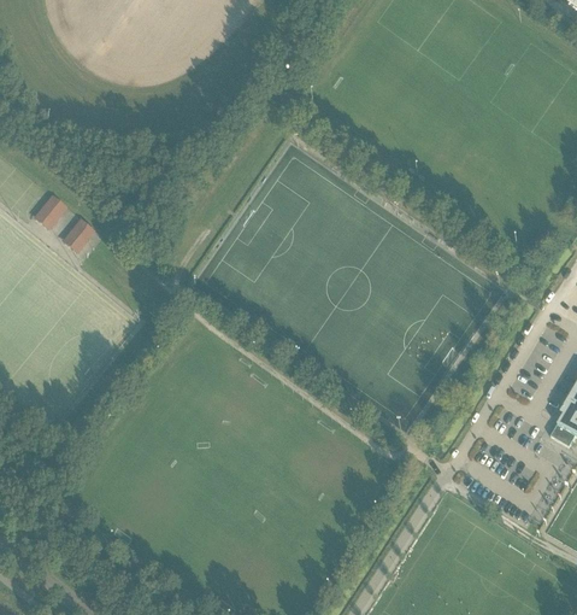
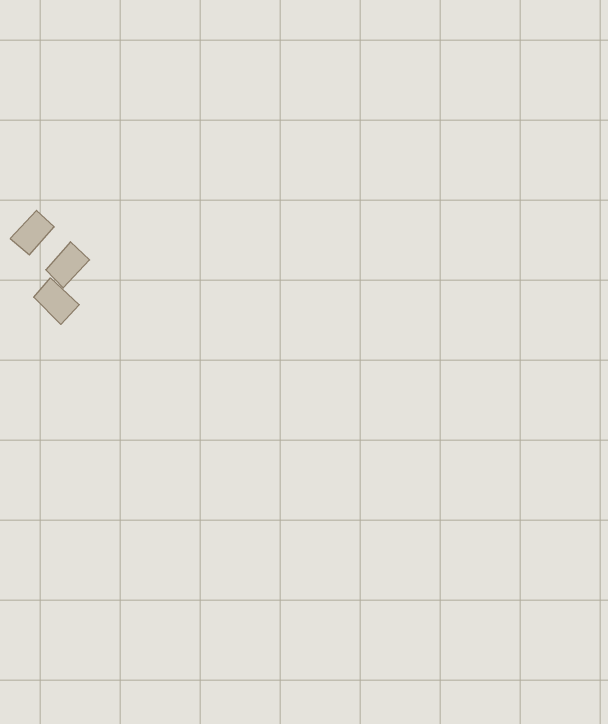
building: none -> [34,278,79,324]

